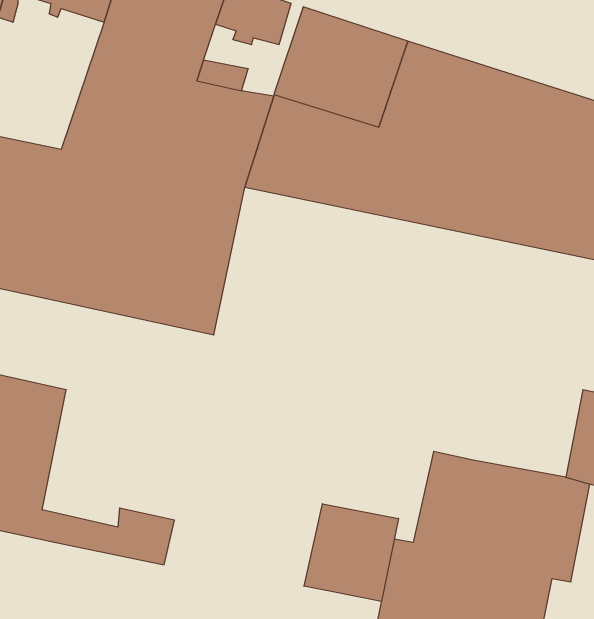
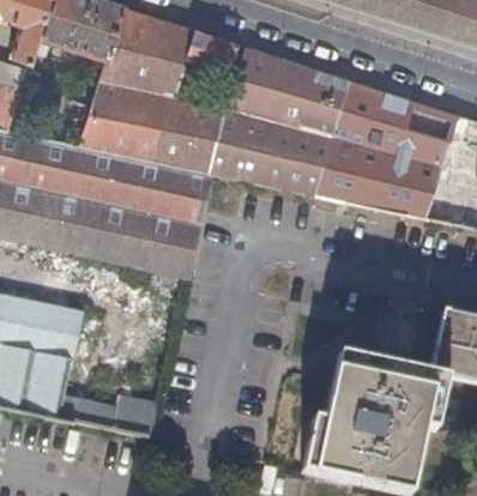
building: [304,504,398,602] -> none

